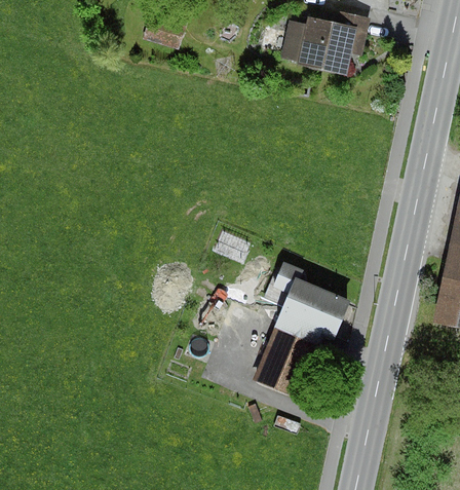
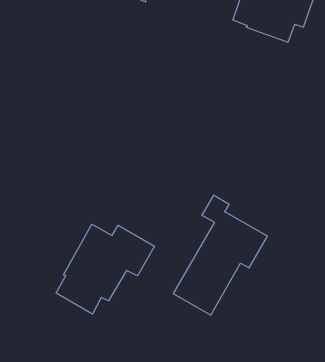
building: none -> [56,224,155,314]

